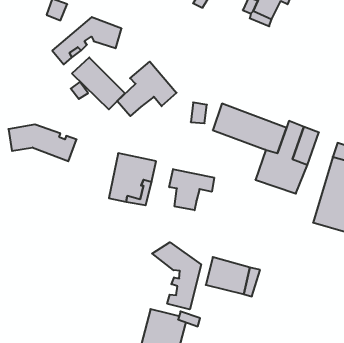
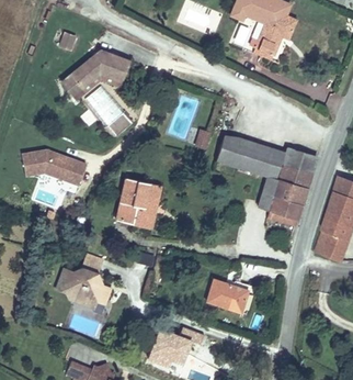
building: [117,62,177,116] -> none
building: [169,169,214,210] -> none
building: none -> [58,255,112,306]
building: [152,242,201,309] -> none

